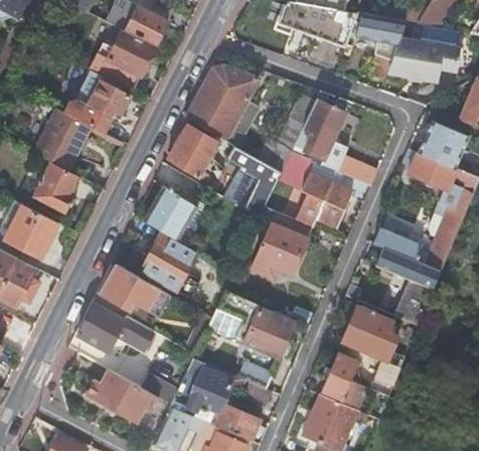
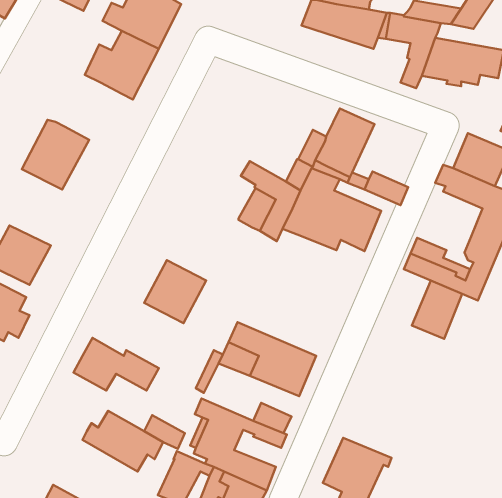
building: [187,66,260,143] -> none
building: [62,76,130,132] -> none
building: [169,126,220,181] -> none
building: [32,164,78,211] -> none
building: [144,186,201,241] -> none
building: [253,211,314,279] -> none
building: [100,265,172,318] -> none
building: [342,305,402,396] -> none
building: [322,353,358,399] -> none

